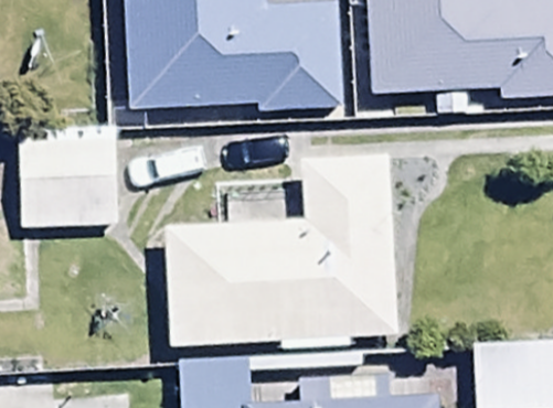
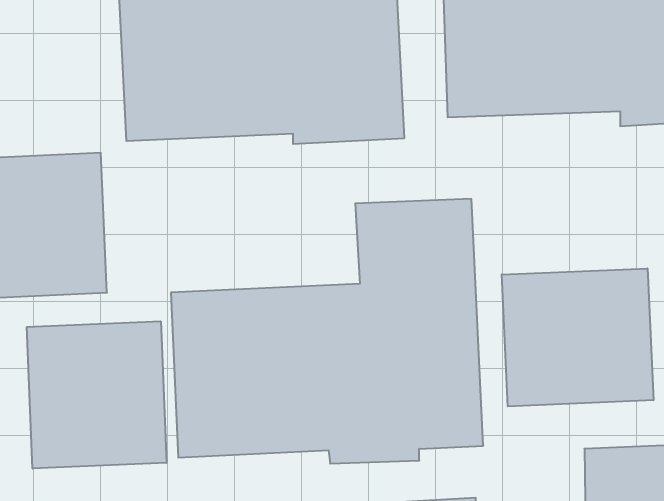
building: none -> [502,268,653,406]
building: none -> [27,321,166,469]

